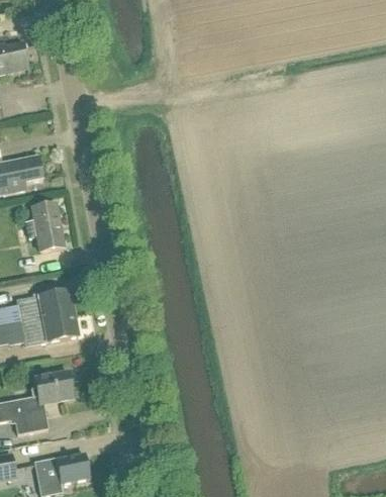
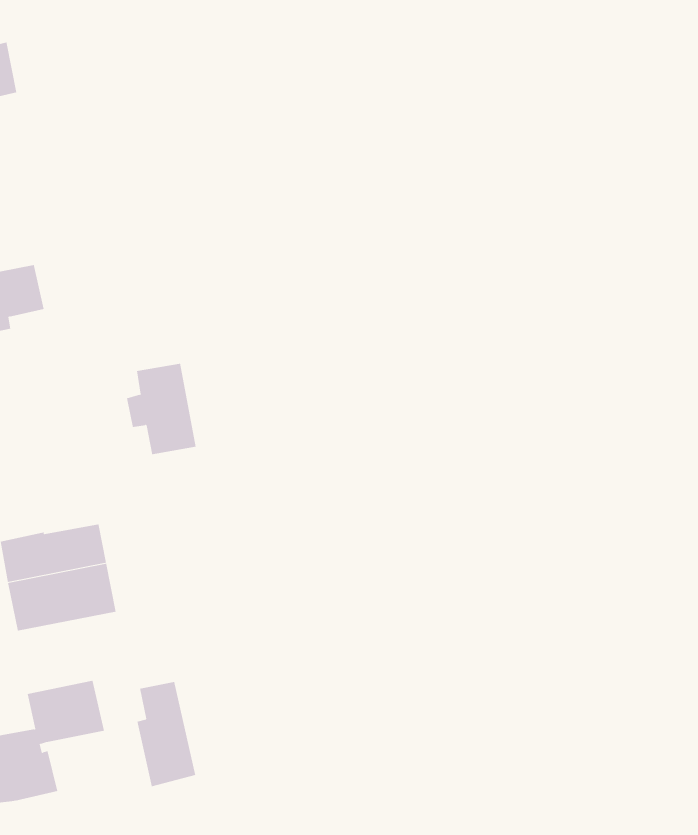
building: [27,203,64,251] -> [126,363,197,455]
building: none -> [137,681,196,787]

